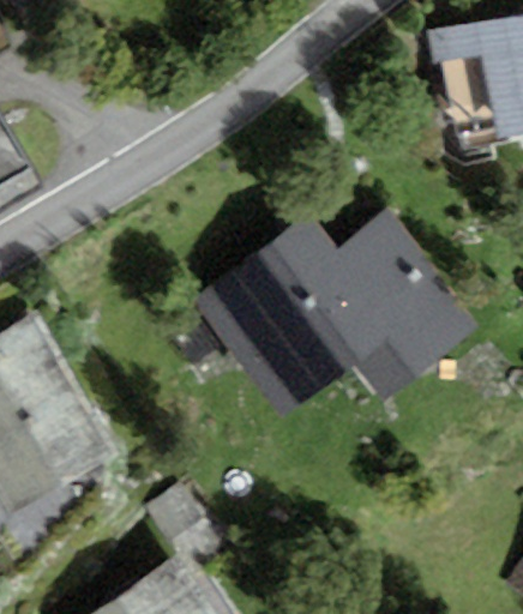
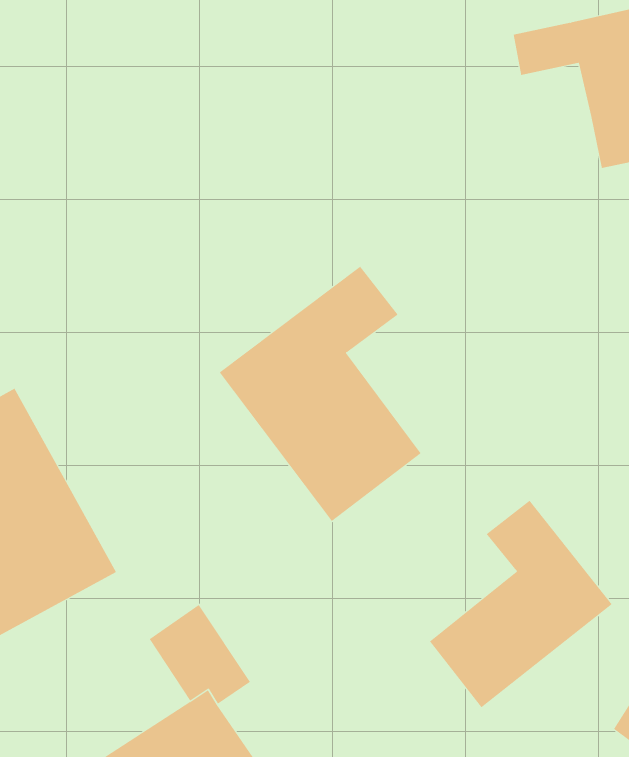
building: [297,212,473,402] -> none
building: none -> [429,500,613,708]

